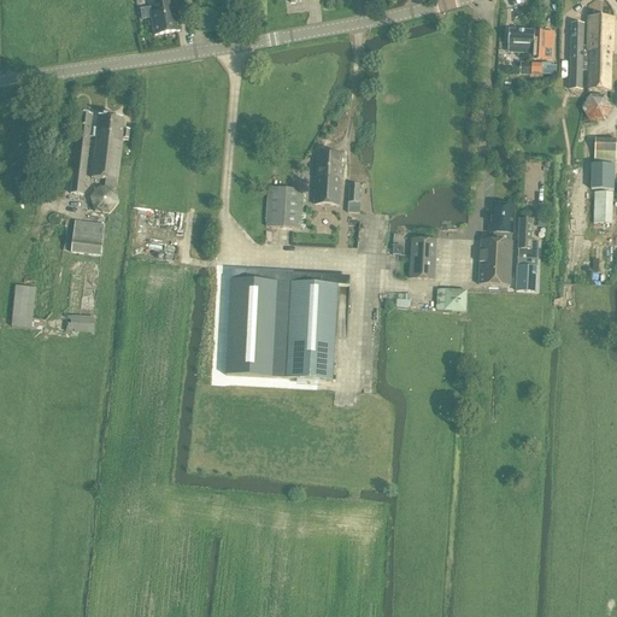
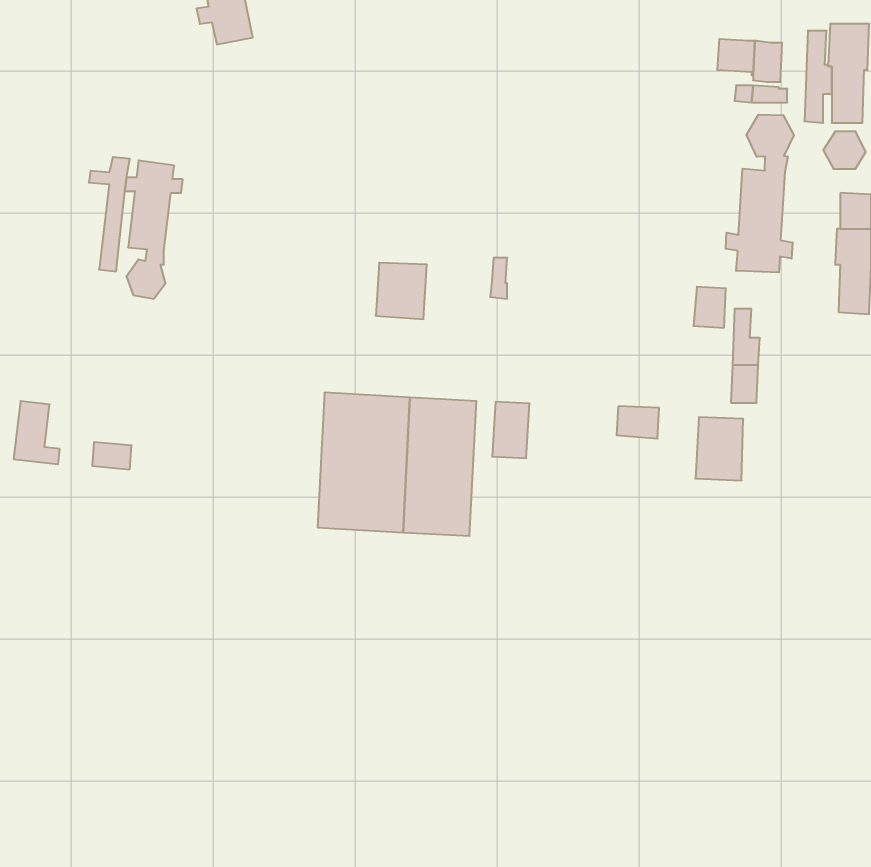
building: none -> [726,115,794,272]
building: [312,151,340,202] -> none
building: [71,219,102,253] -> none
building: [409,237,435,277] -> [492,402,530,458]
building: [477,239,511,283] -> [695,417,743,480]

